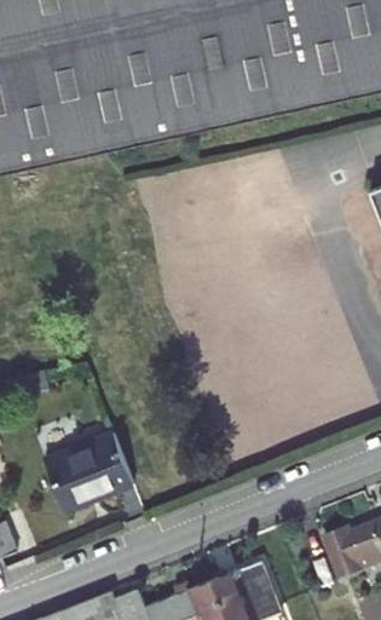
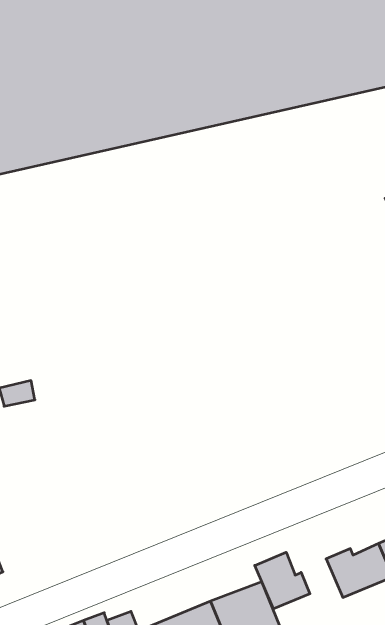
building: [42,431,131,510] -> none
building: none -> [255,552,310,609]

